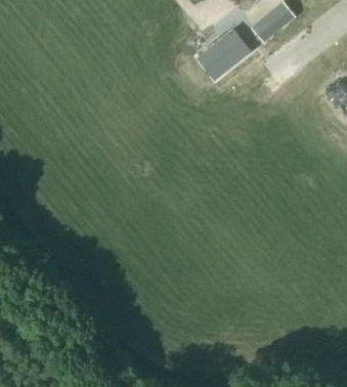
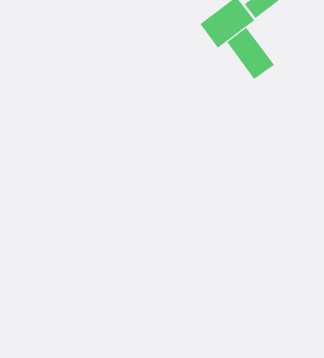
building: none -> [226,27,275,80]

